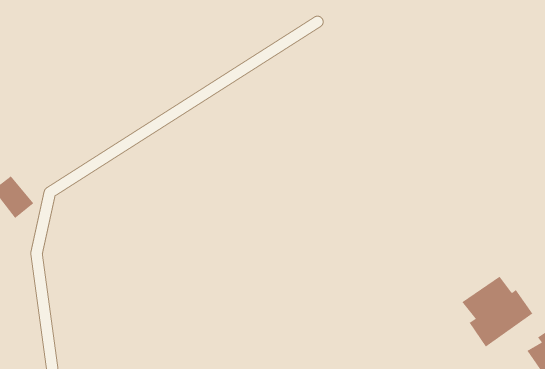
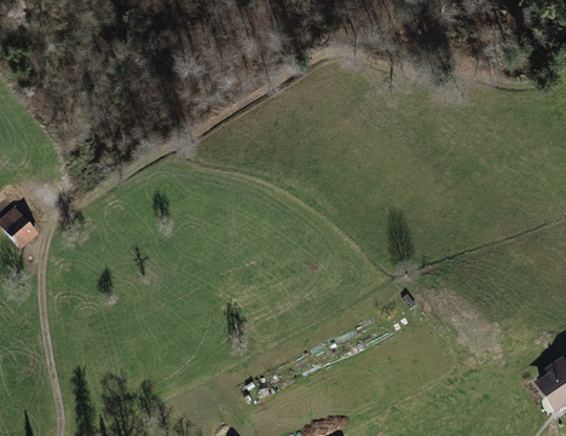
building: [461,276,533,347] -> none

